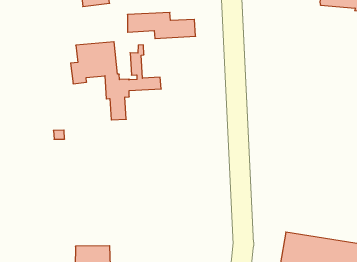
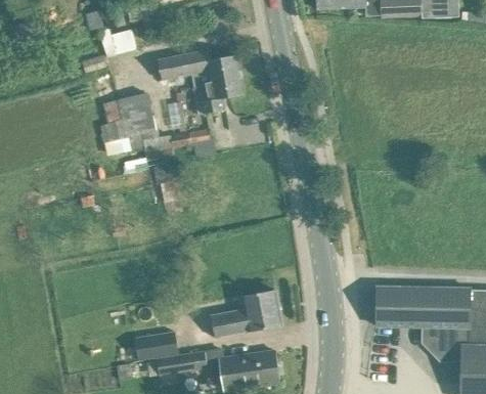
building: none -> [191,74,245,115]
building: none -> [211,290,281,338]

